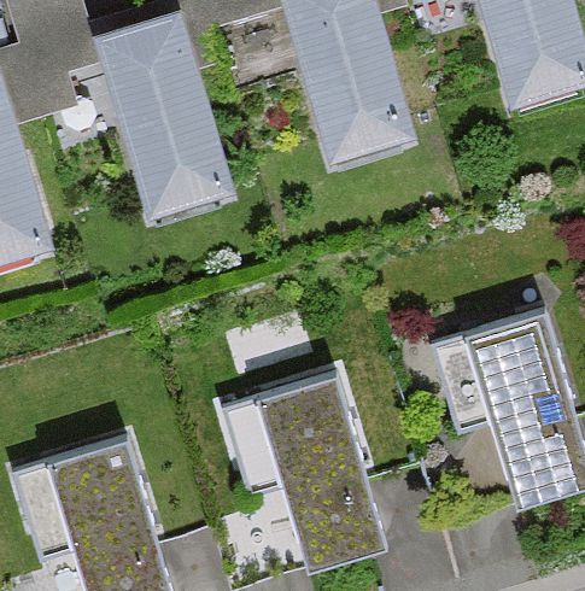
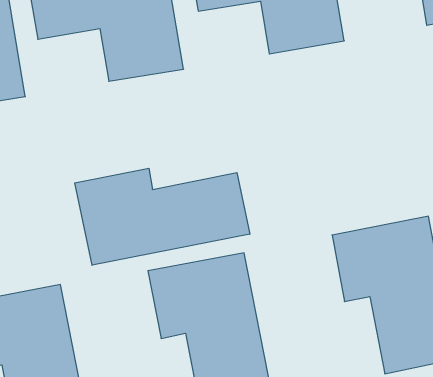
building: none -> [75,168,250,265]

